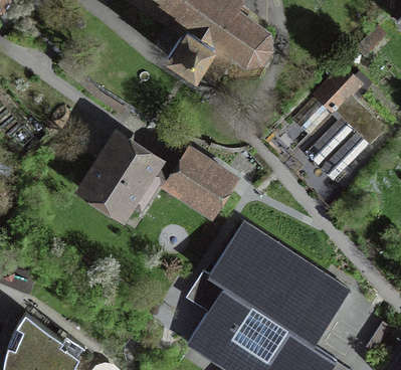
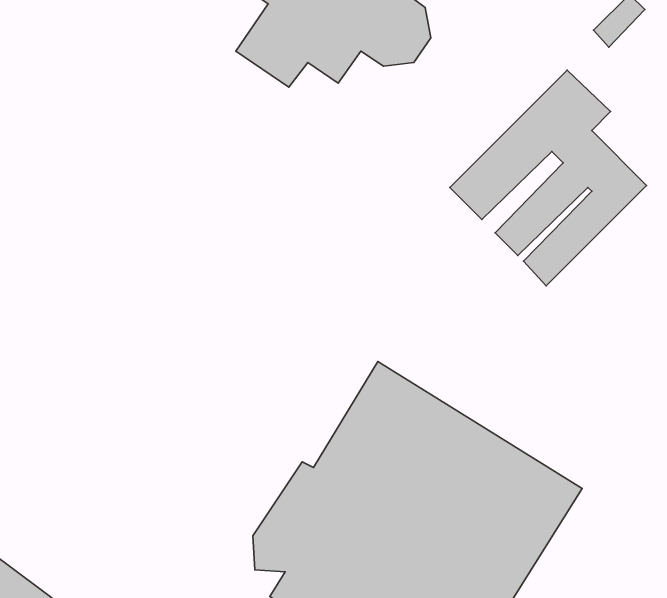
building: [83,136,158,214] -> none
building: [174,158,227,206] -> none

